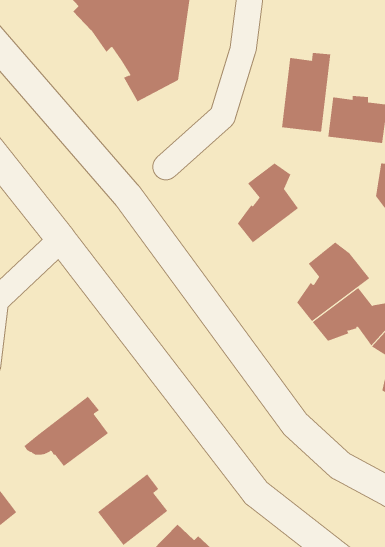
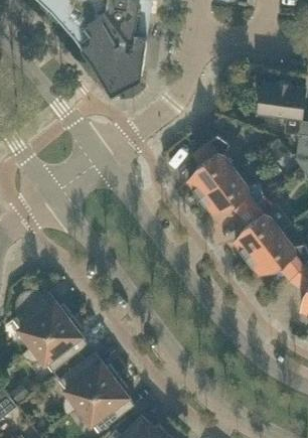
building: [281,52,331,133] -> none
building: none -> [197,170,262,213]
building: none -> [10,291,69,346]
building: none -> [56,353,116,416]

